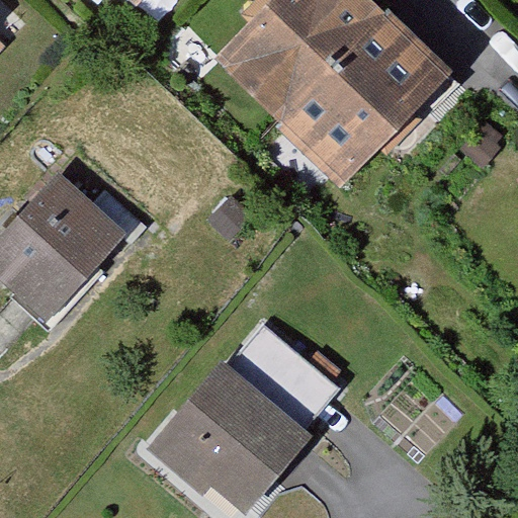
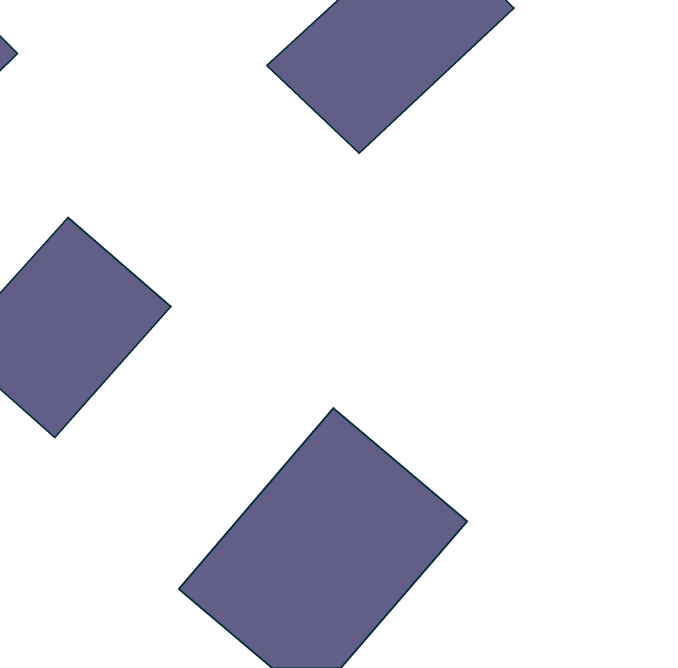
building: [272,6,457,185] -> none

